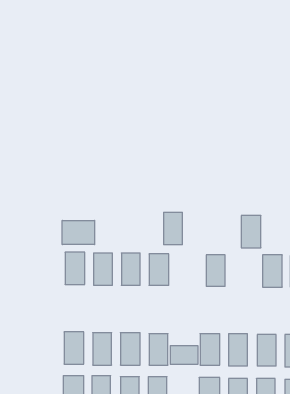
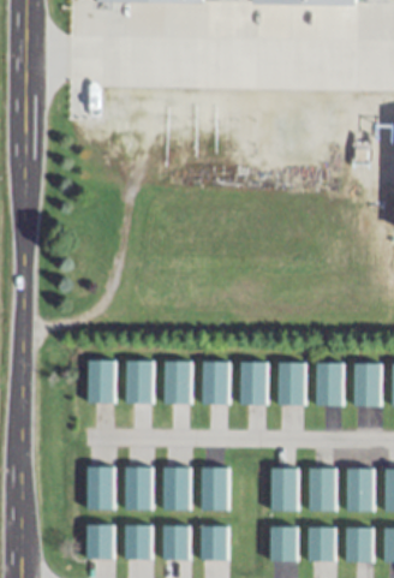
building: [164,212,182,245] -> [241,360,267,404]
building: [241,216,261,248] -> [316,362,342,405]
building: [62,220,95,245] -> none
building: [170,346,198,364] -> none

